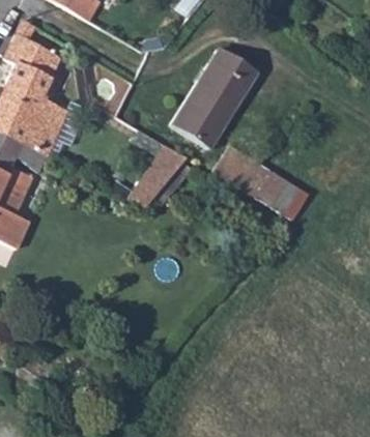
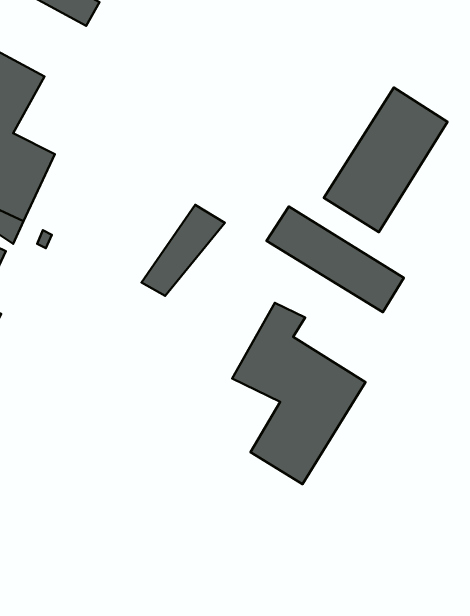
building: [172,49,258,149] -> [324,88,447,232]
building: none -> [232,303,365,484]

